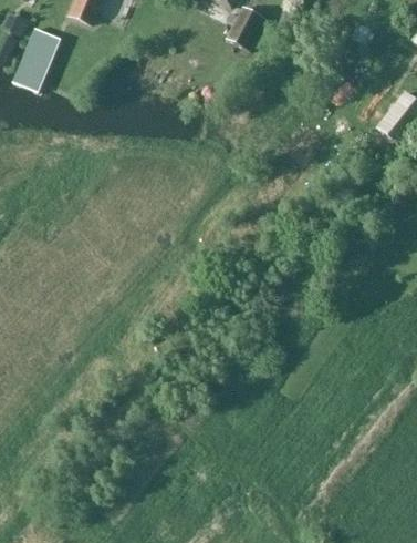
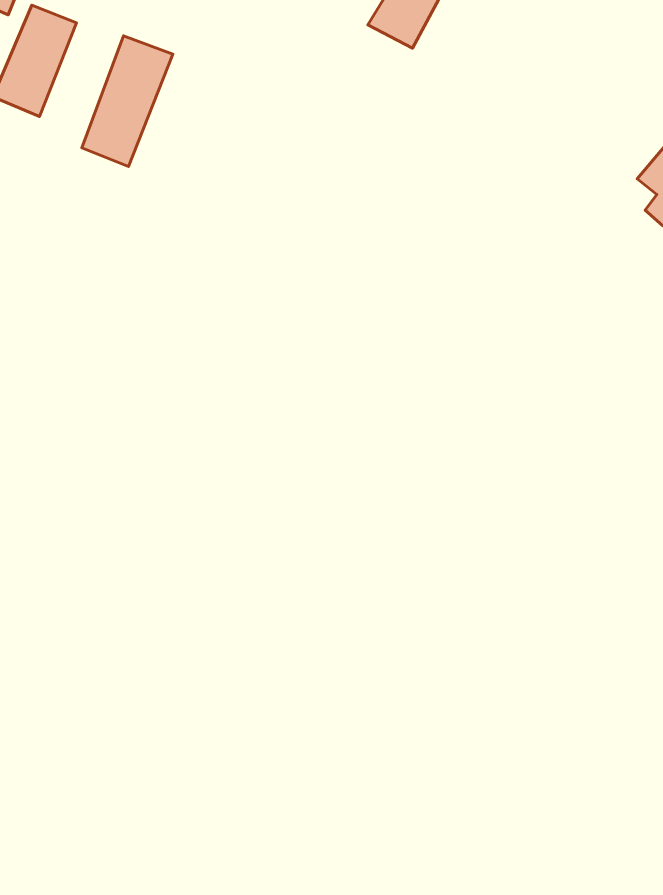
building: none -> [82,36,173,166]

